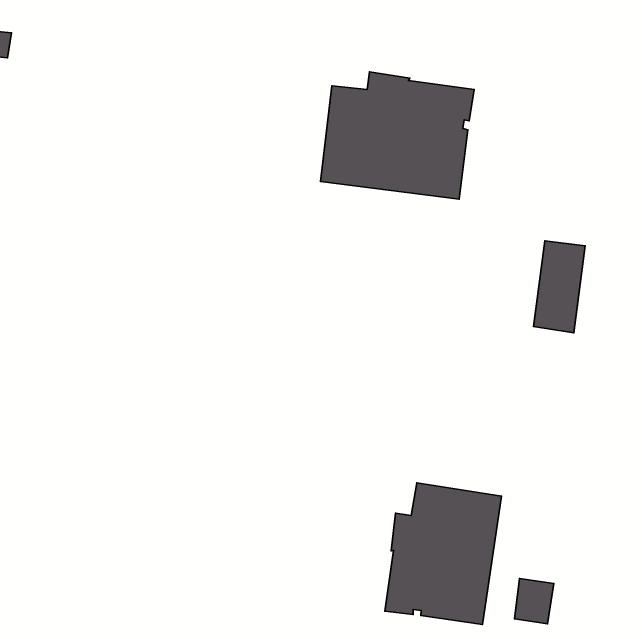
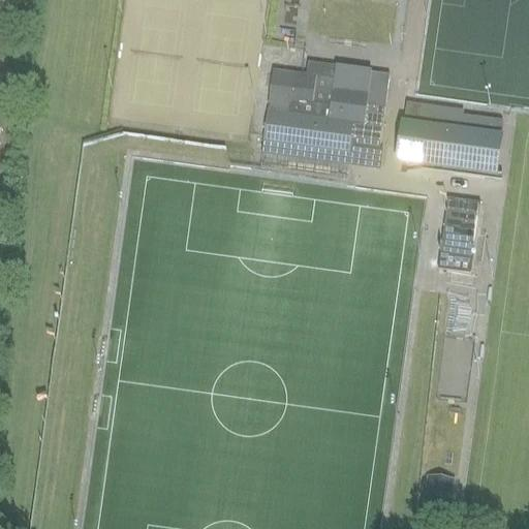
building: none -> [398,101,501,177]
building: [385,483,501,624] -> none

